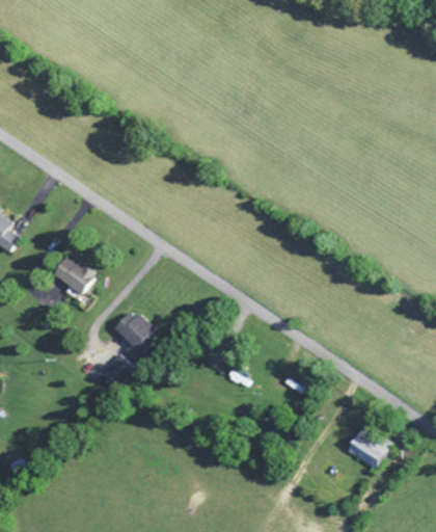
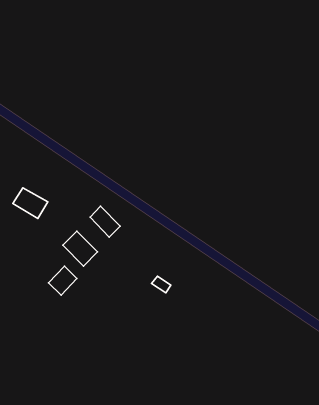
building: none -> [90,206,120,237]
building: [348,425,392,470] -> none

